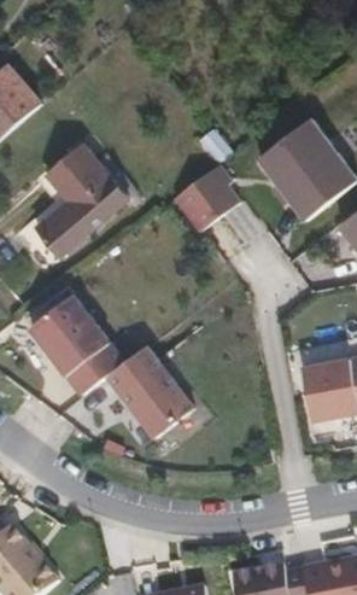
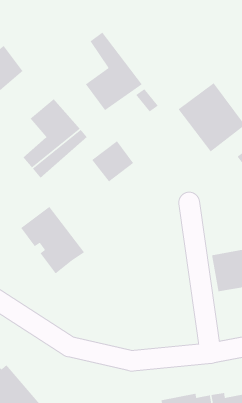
building: none -> [85,31,143,111]
building: [175,168,236,228] -> [91,140,134,183]
building: [105,345,192,437] -> none

